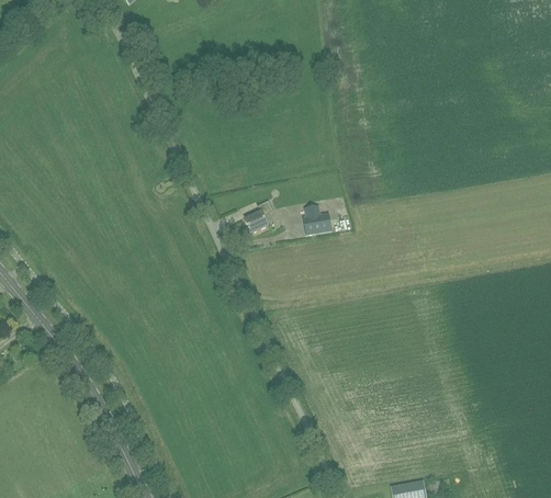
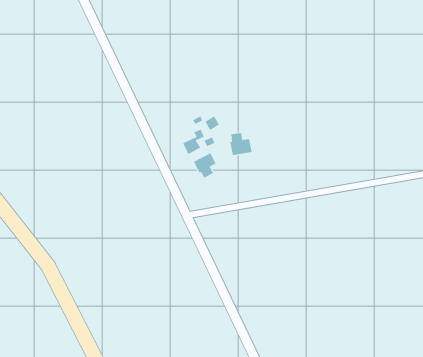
building: none -> [193,152,216,179]

